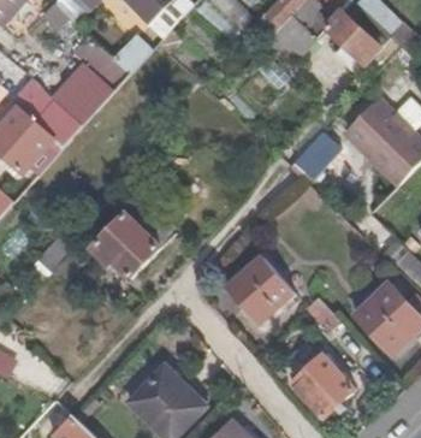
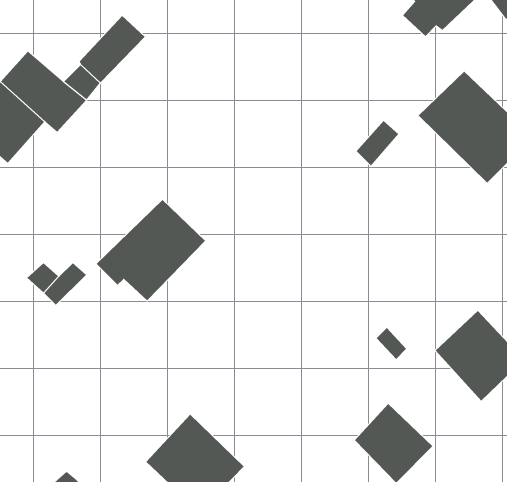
building: [225,255,291,322] -> none

